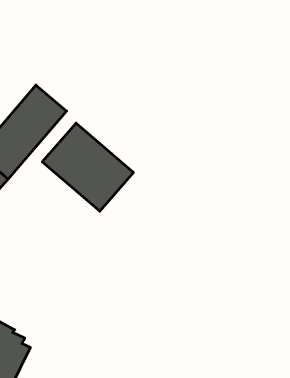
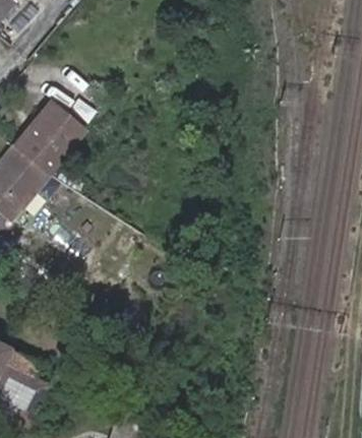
building: [42,123,133,211] -> none

